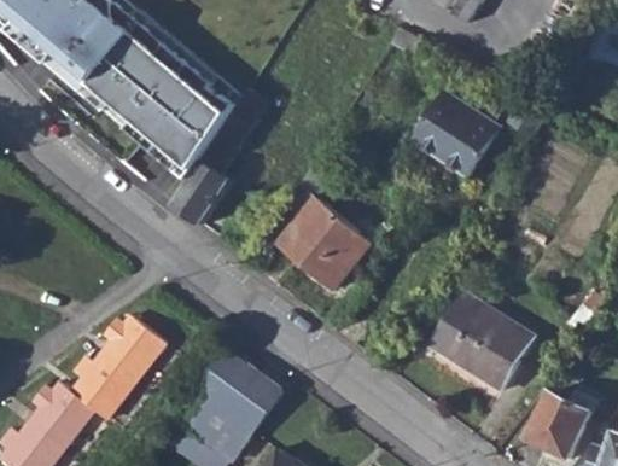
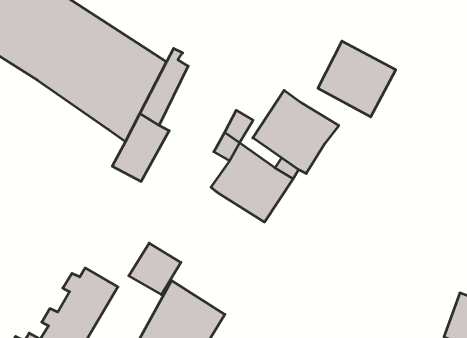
building: none -> [253,90,339,174]
building: [430,290,532,389] -> none
building: none -> [129,243,181,295]

